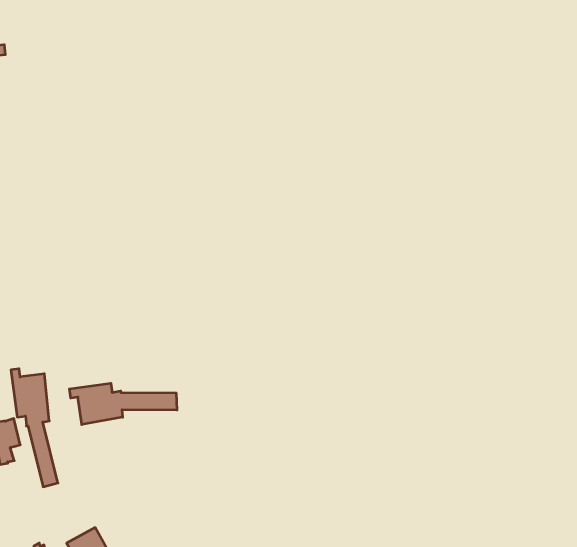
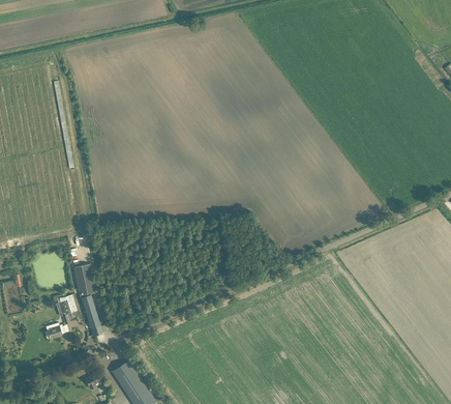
building: [69,383,177,425] -> none

